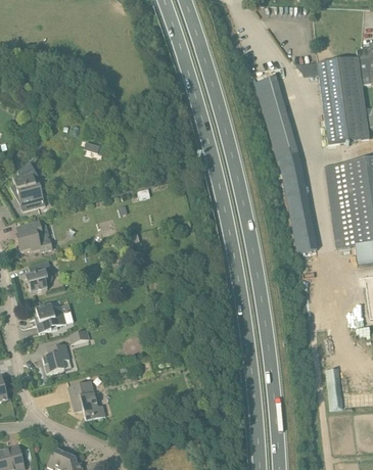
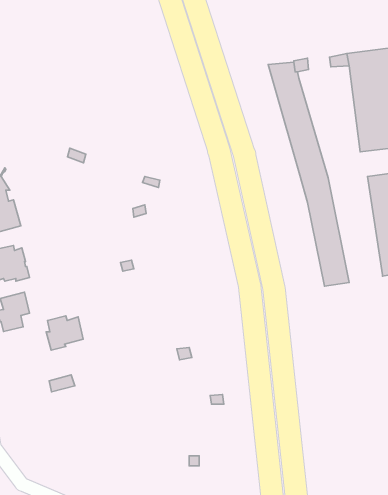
building: [36,303,66,332] -> [46,316,83,350]
building: [43,343,71,373] -> none
building: [68,380,106,420] -> none

